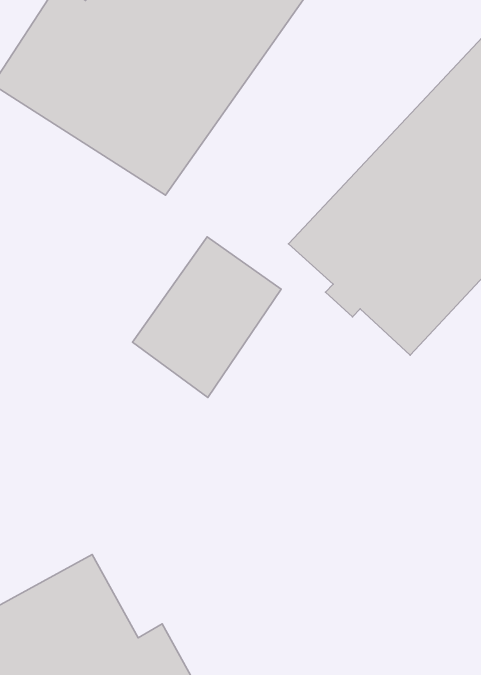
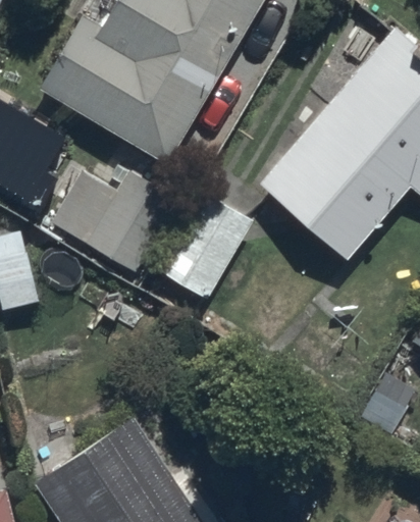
building: none -> [62,159,176,274]

